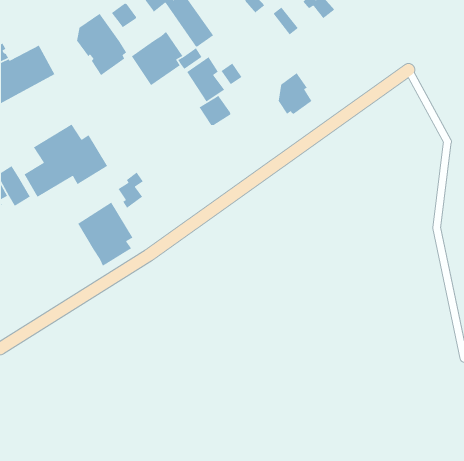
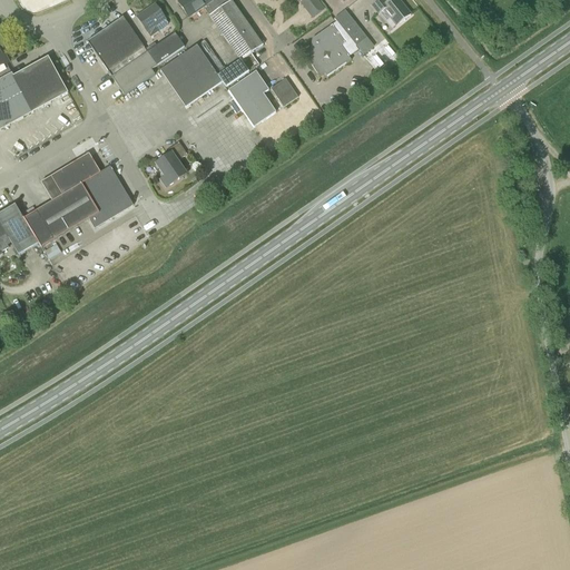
building: none -> [147,31,184,65]
building: [278,72,312,115] -> [308,22,351,75]
building: [199,95,231,126] -> none
building: [118,172,144,209] -> [155,140,187,186]
building: [77,202,134,267] -> none

